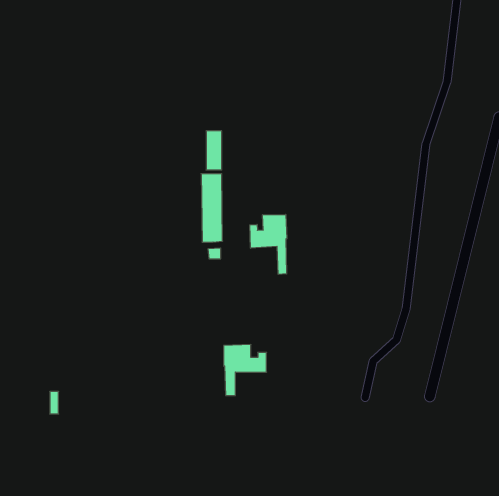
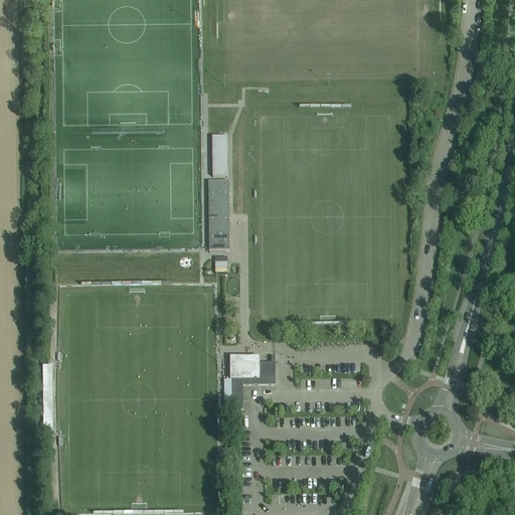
building: [250,214,287,274] -> none

